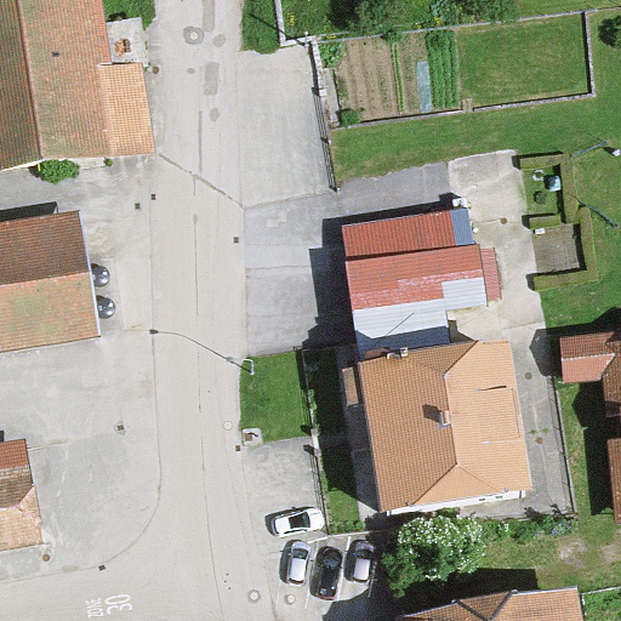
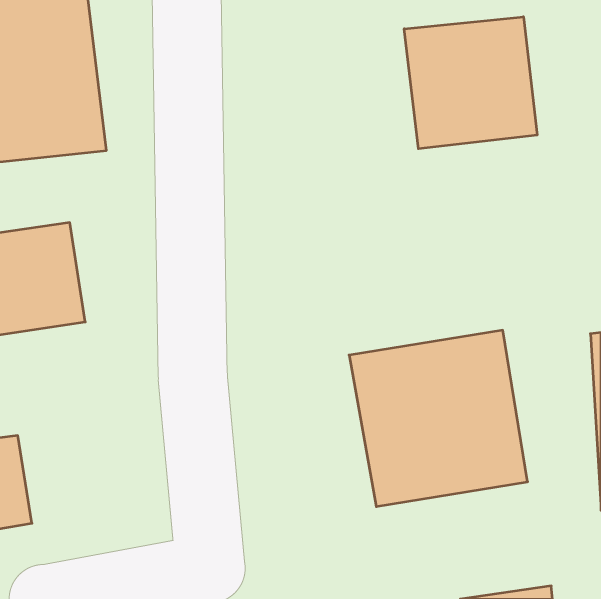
building: none -> [404,17,537,149]
building: [341,199,515,364] -> none

